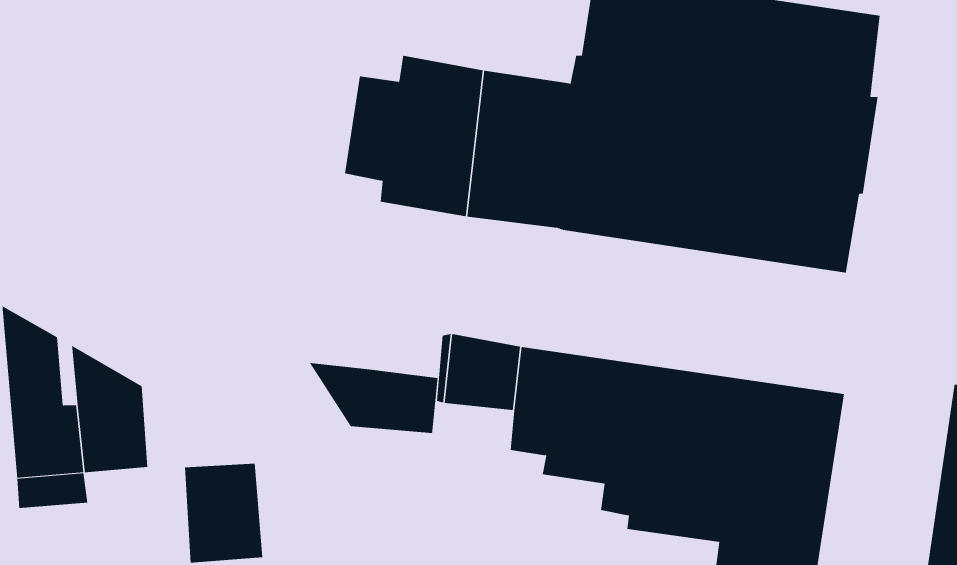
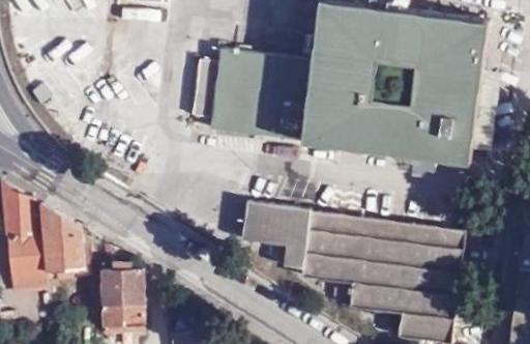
building: [309,362,438,434] -> none

